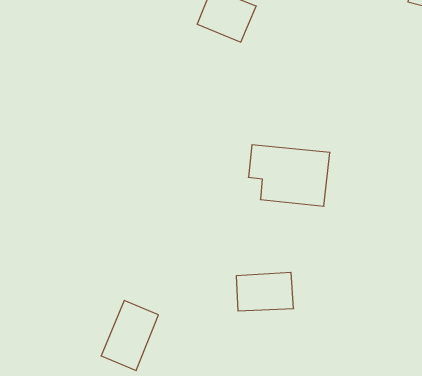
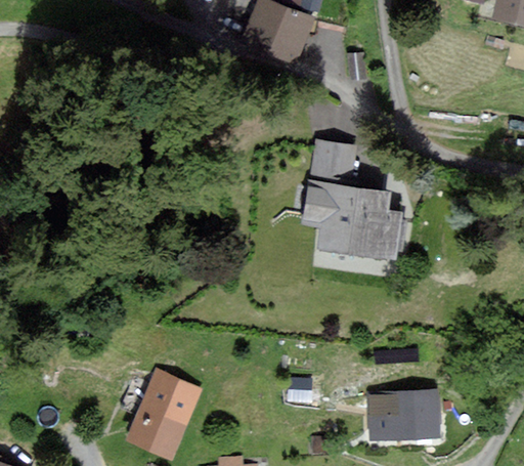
building: none -> [317,145,358,184]
building: [236,272,294,311] -> [370,390,439,436]

